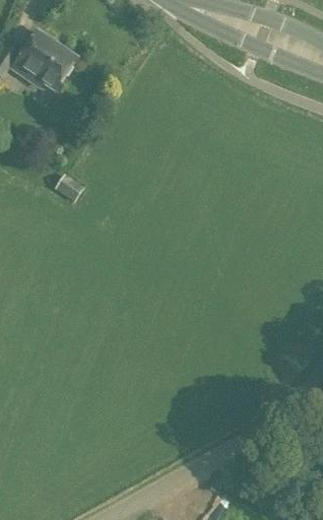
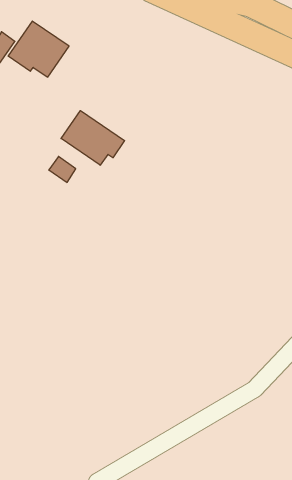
building: none -> [61,111,125,165]

